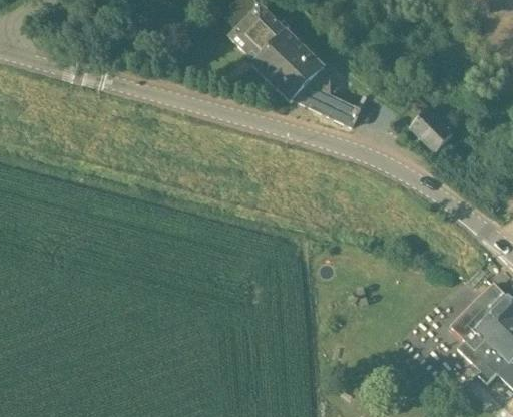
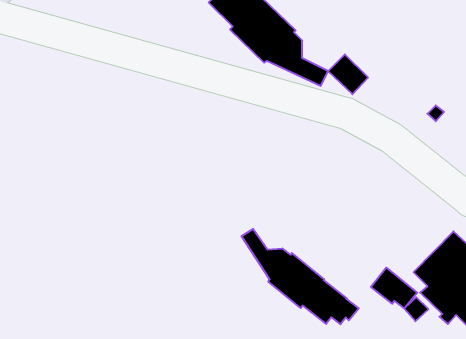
building: [410,108,453,151] -> [328,54,368,94]
building: none -> [242,229,359,324]

